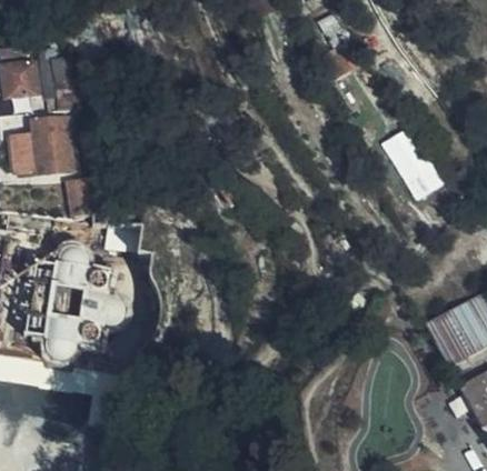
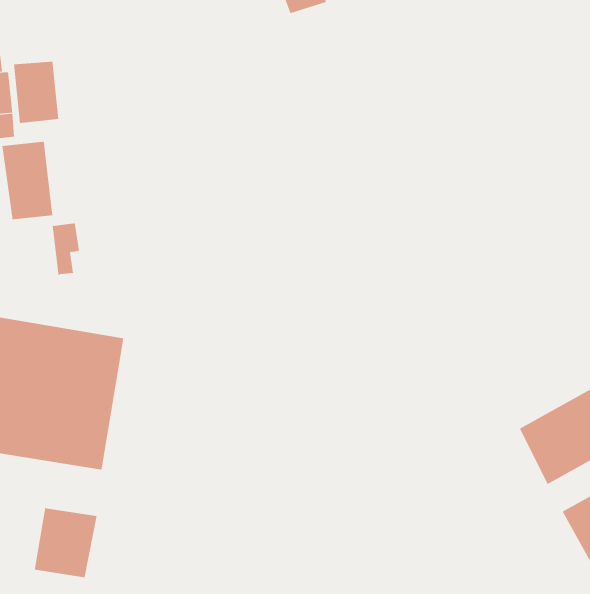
building: [384,126,445,199] -> none
building: none -> [34,507,97,578]

